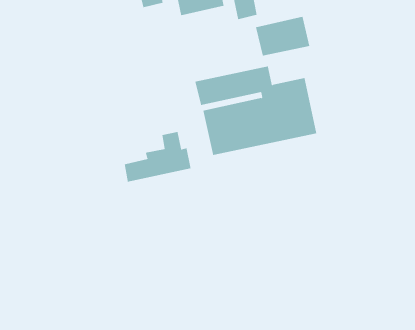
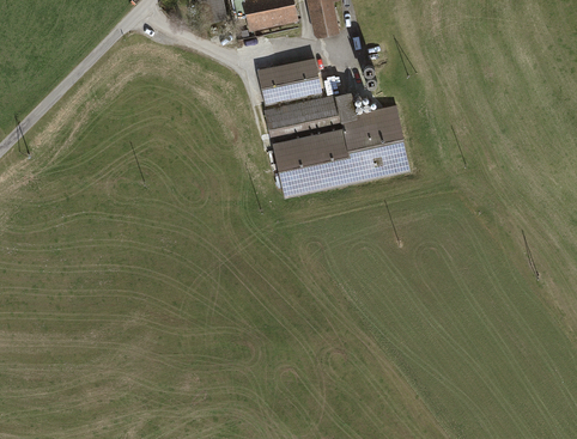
building: [255,16,310,56] -> [256,57,322,105]
building: [124,131,191,183] -> none

